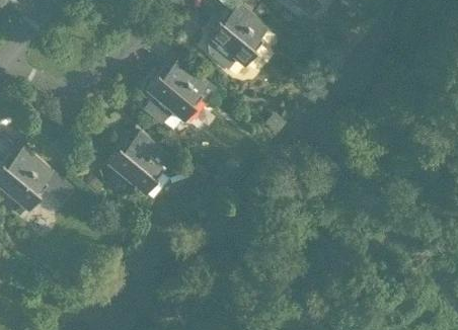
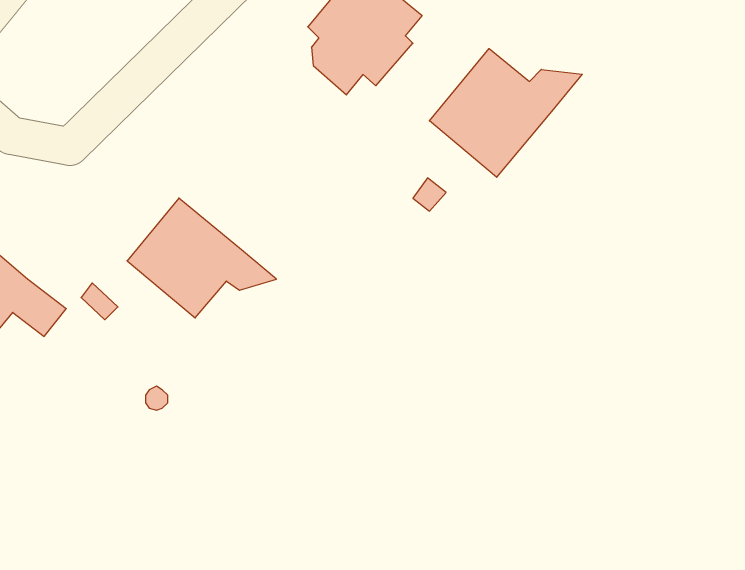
building: none -> [429,49,582,177]
building: [142,53,207,123] -> none

